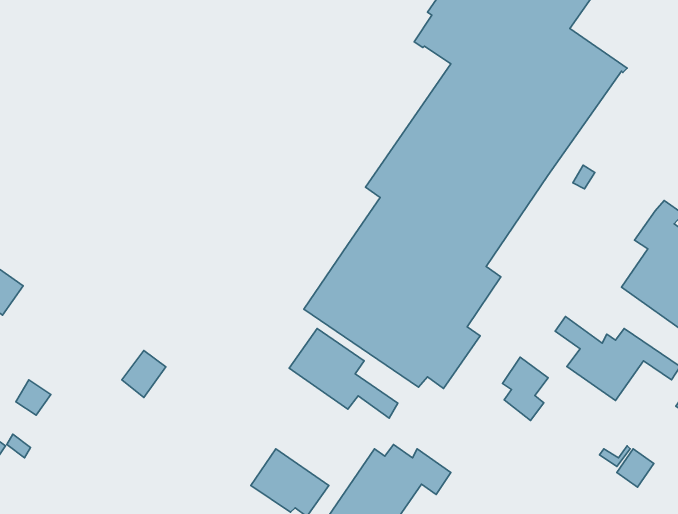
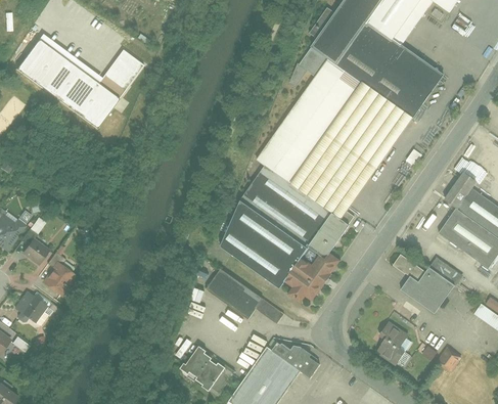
building: none -> [17,38,142,125]
building: none -> [14,235,49,268]
building: [122,351,166,398] -> [42,262,73,295]
building: [503,357,548,420] -> [375,318,407,362]

